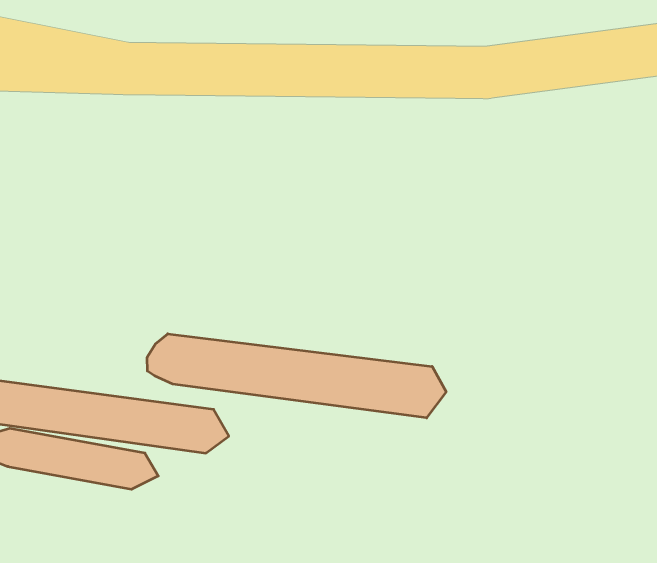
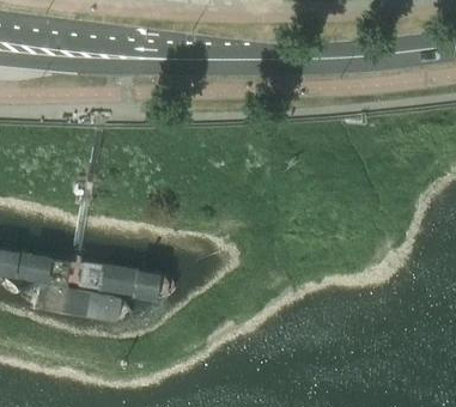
building: [147,334,446,418] -> none

